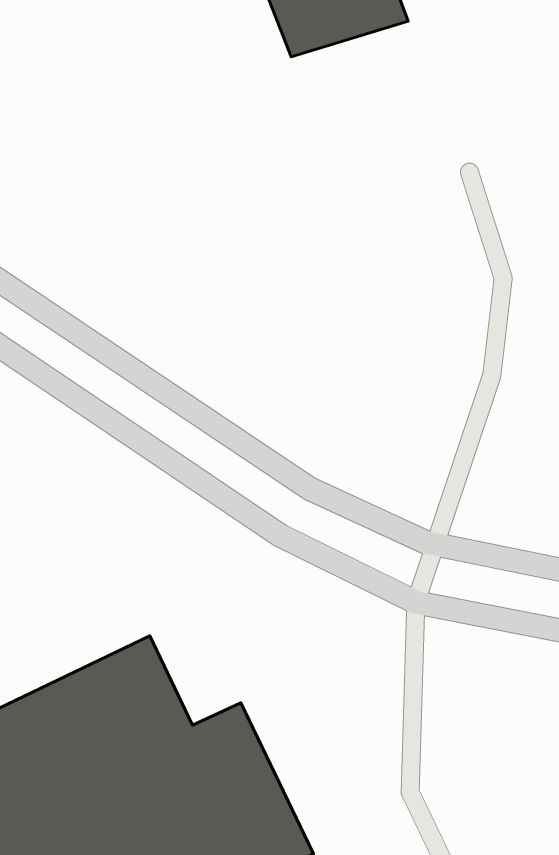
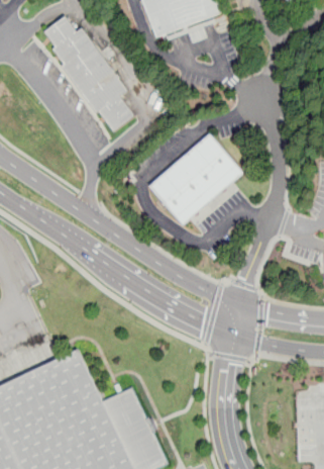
building: none -> [42,17,133,132]
building: none -> [147,134,241,225]

